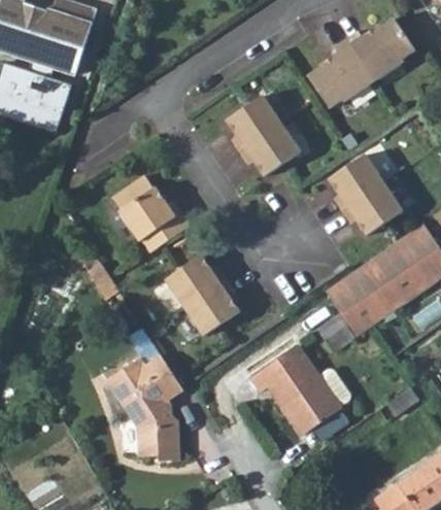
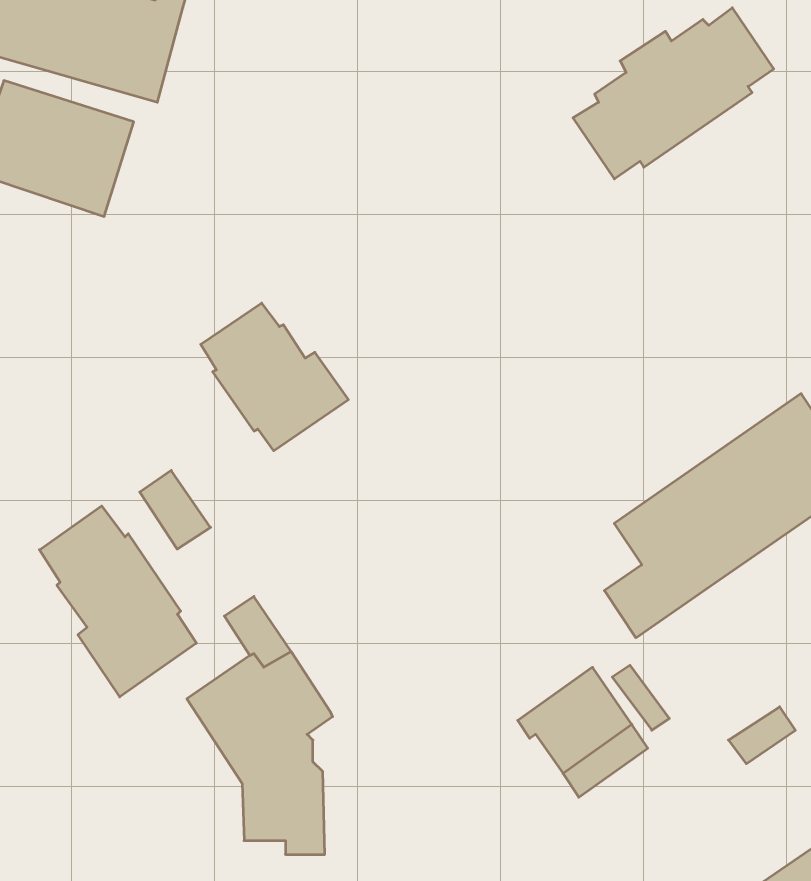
building: [225,96,296,173] -> none
building: [330,154,404,234] -> none
building: [165,258,238,337] -> none
building: none -> [39,506,196,697]
building: [256,343,315,393] -> none

